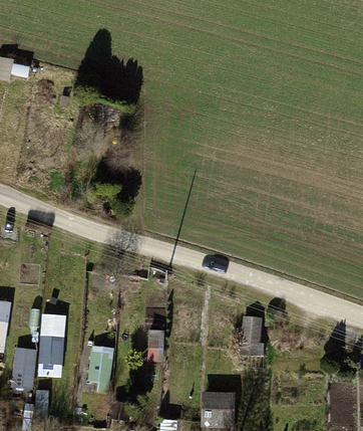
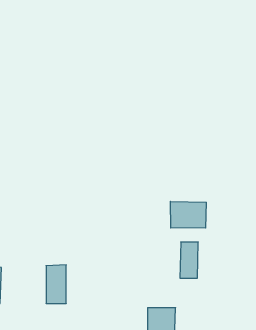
building: none -> [170,201,206,228]
building: [39,313,64,365] -> none

